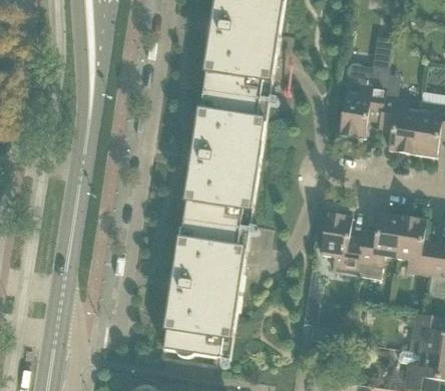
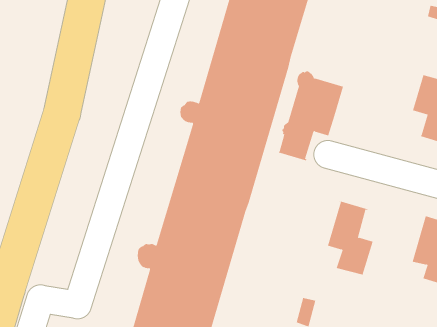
building: [338,62,387,139] -> [277,71,344,161]
building: [355,214,401,280] -> none

